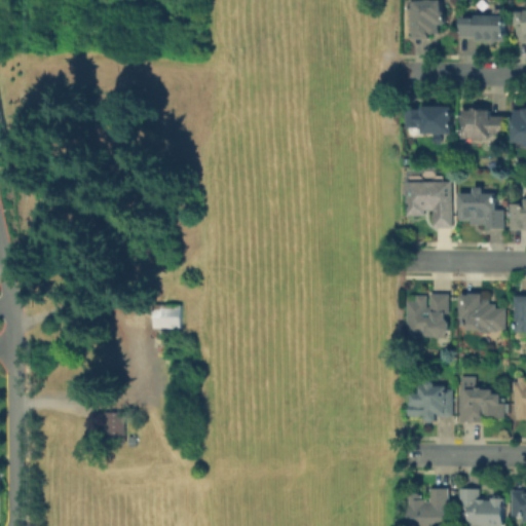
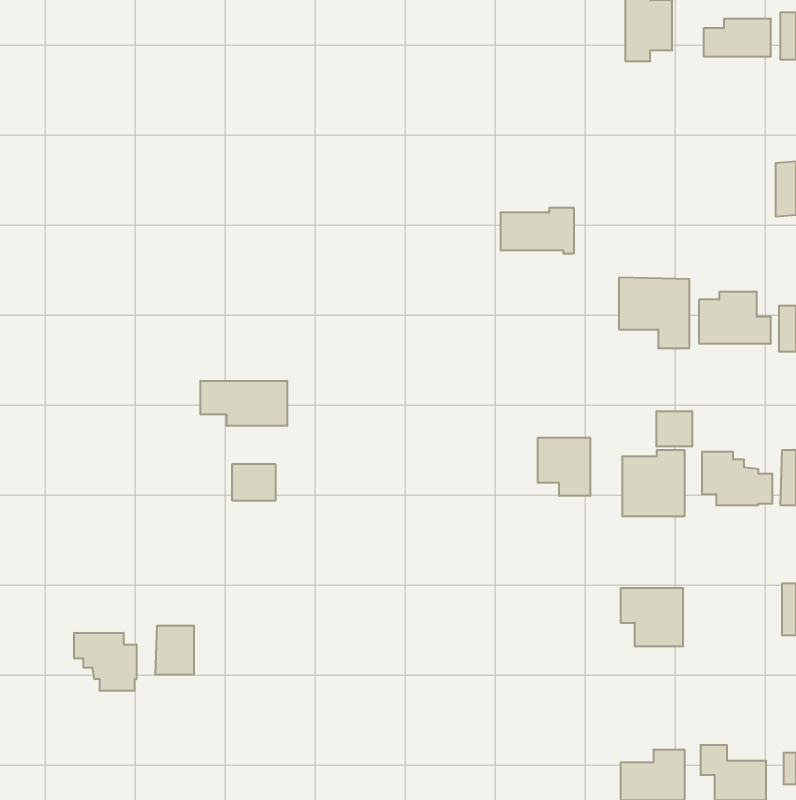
building: [406,106,454,136] -> [500,208,574,253]
building: [461,111,504,141] -> none
building: none -> [200,381,287,426]
building: none -> [657,411,692,447]
building: none -> [538,438,590,496]
building: [459,378,504,423] -> none
building: none -> [74,633,136,691]

